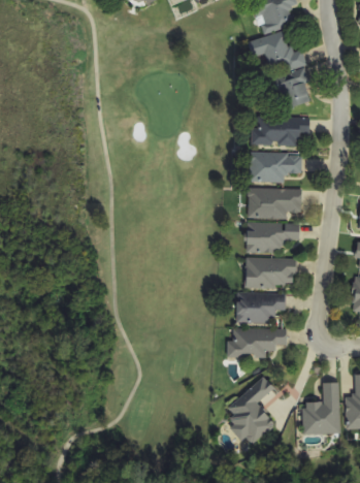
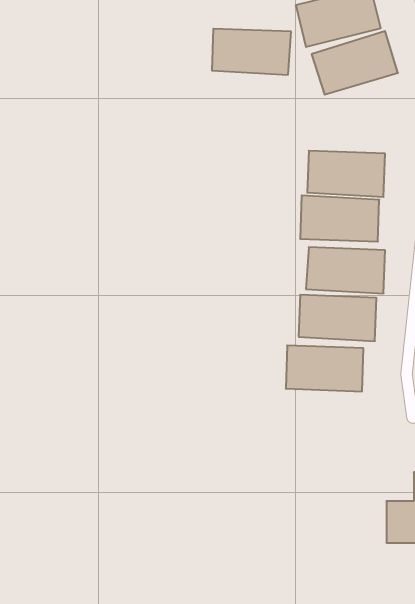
building: [246,118,302,151] -> [212,29,291,75]
building: [229,327,285,360] -> none
building: [226,376,277,455] -> none

